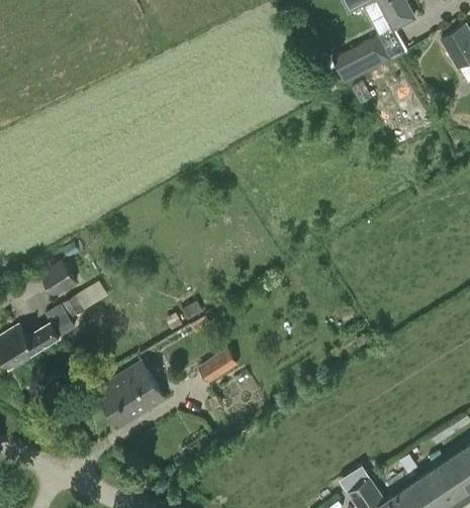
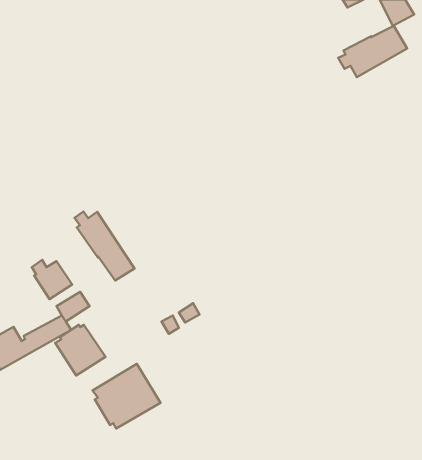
building: none -> [74,212,134,281]
building: none -> [55,325,105,376]
building: [199,350,238,383] -> none

